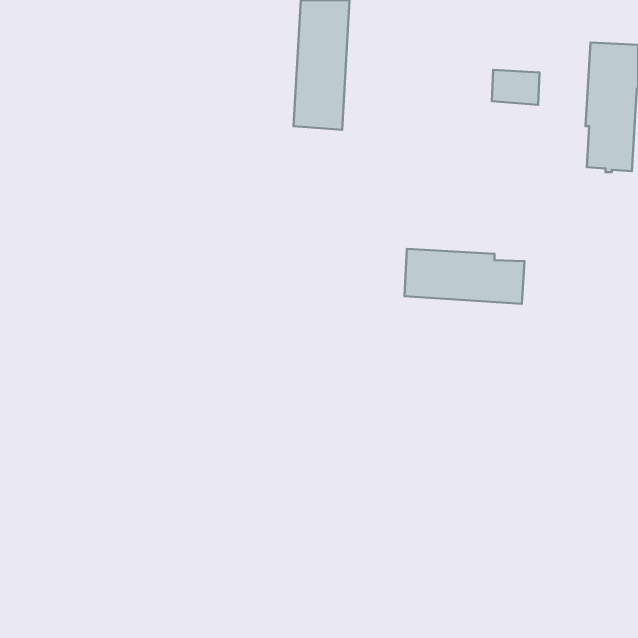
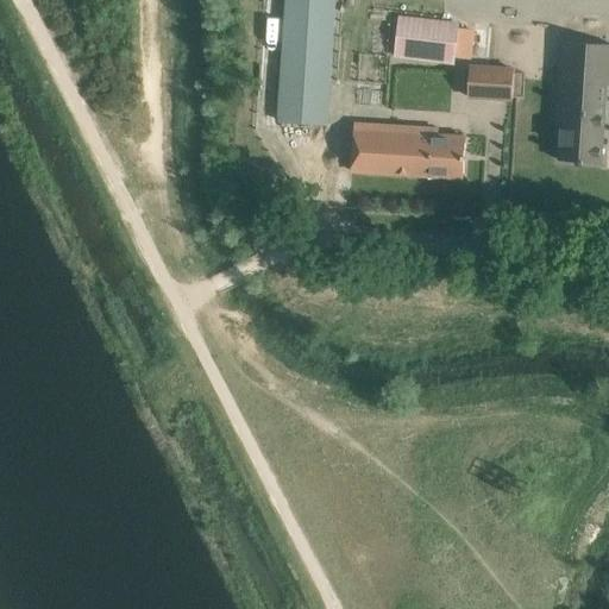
building: none -> [395,17,458,62]
building: [404,249,524,304] -> [352,125,466,177]

